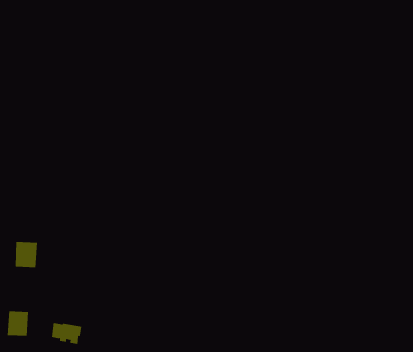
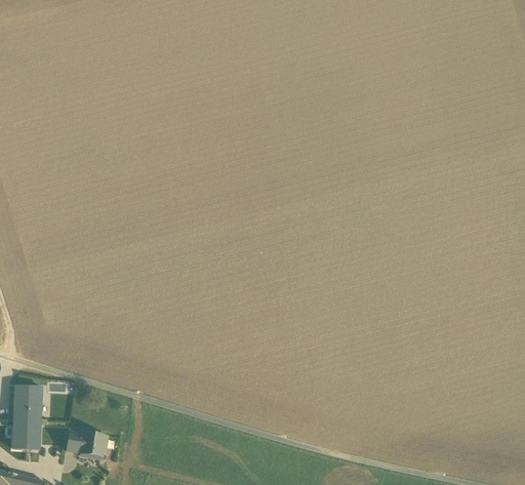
building: [15,242,38,268] -> [12,386,41,418]

